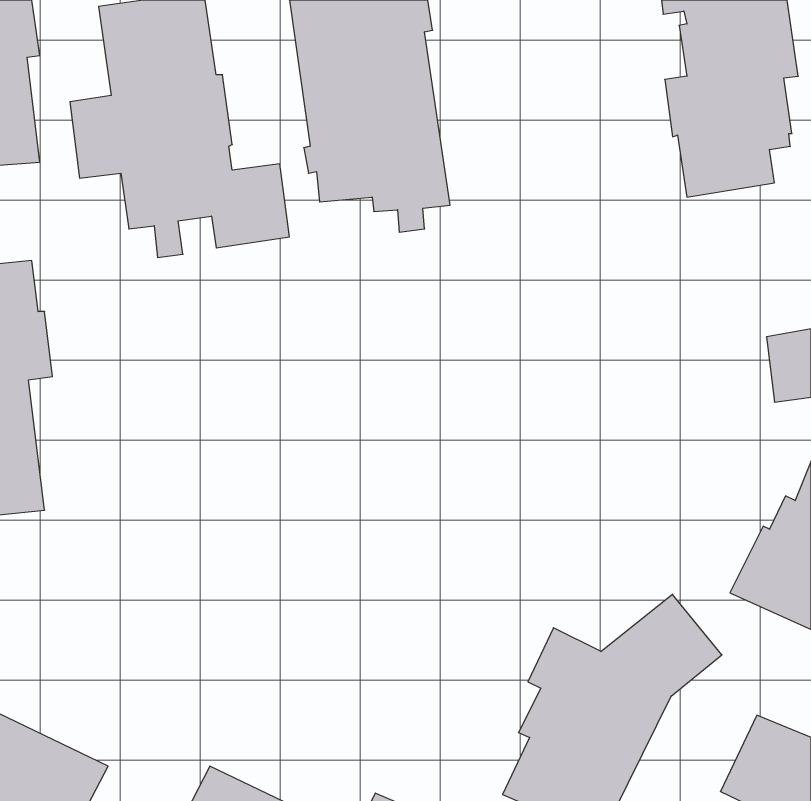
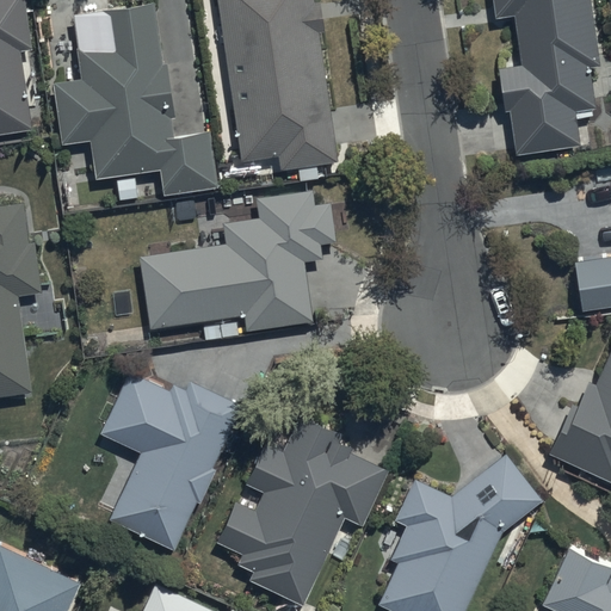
building: none -> [140,190,337,329]
building: none -> [103,372,242,550]
building: none -> [216,414,389,605]

